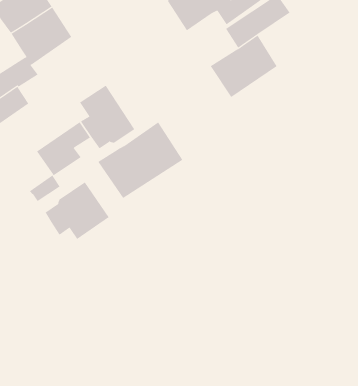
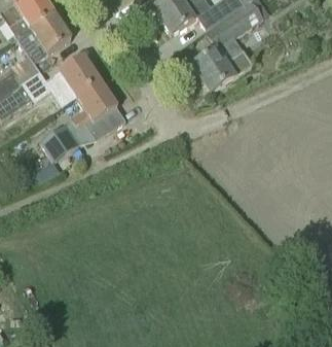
building: none -> [46,56,101,97]
building: [98,122,183,199] -> none
building: [45,182,109,240] -> none

